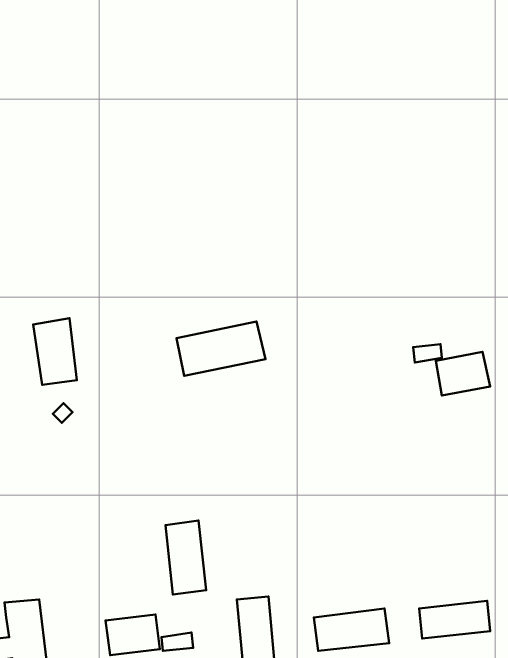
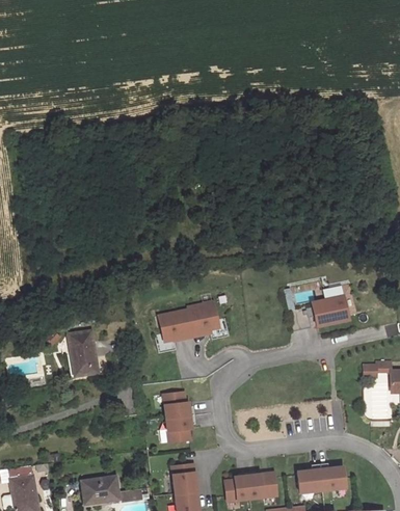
building: [33,318,77,385] -> [68,330,98,376]
building: [177,322,265,376] -> [159,303,220,341]
building: [165,521,206,595] -> [163,392,191,442]

